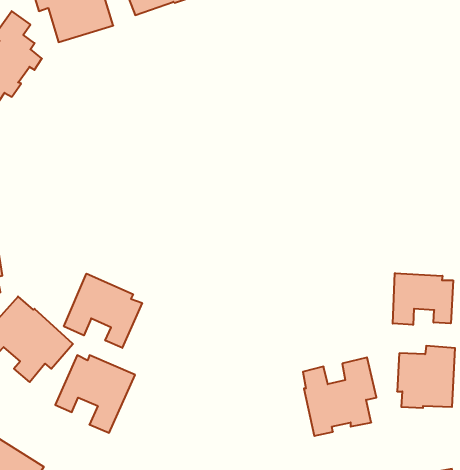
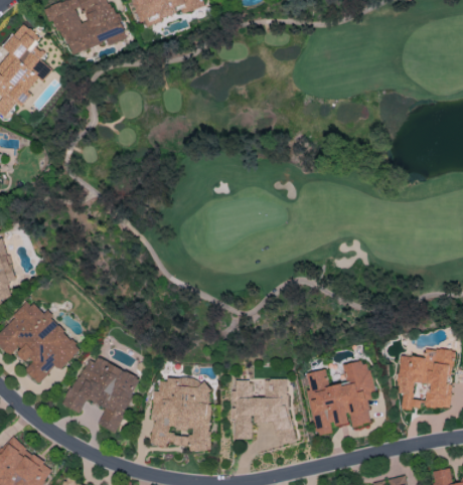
building: [393,273,453,325] -> none
building: [64,274,142,348] -> none
building: none -> [151,378,211,451]
building: none -> [229,378,291,443]

